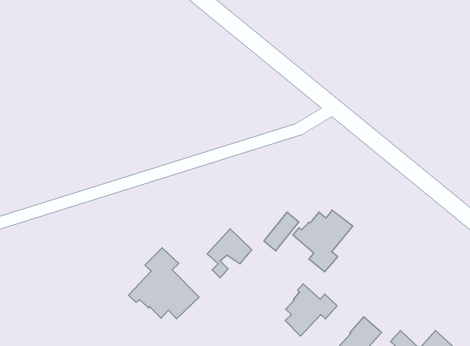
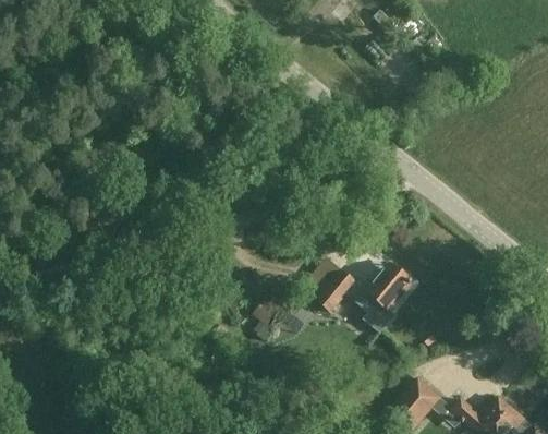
building: [129,248,199,319] -> none
building: [285,284,337,336] -> none

